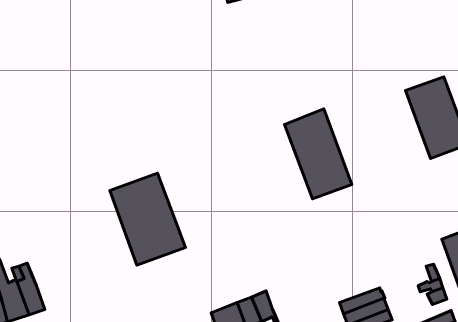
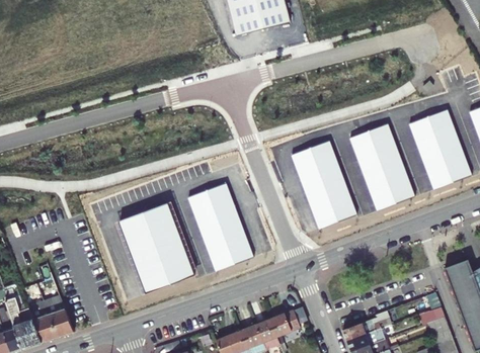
building: none -> [349,123,415,211]
building: none -> [188,182,253,270]
building: none -> [46,284,72,337]
building: none -> [272,310,302,336]

